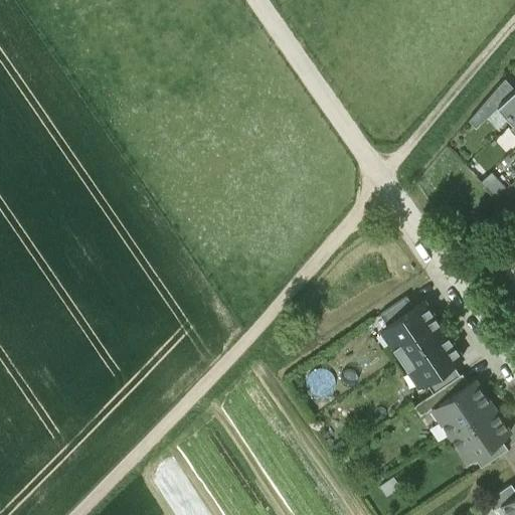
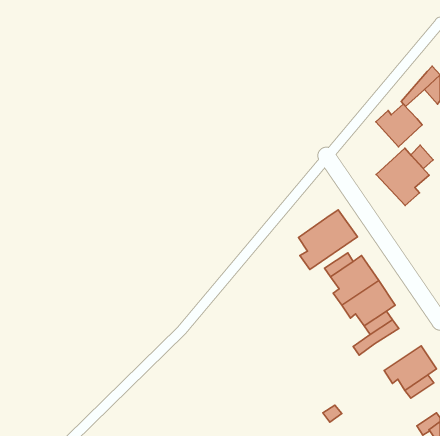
building: none -> [376,104,422,147]
building: none -> [376,148,429,206]
building: none -> [299,210,357,270]
building: [438,382,492,438] -> none

